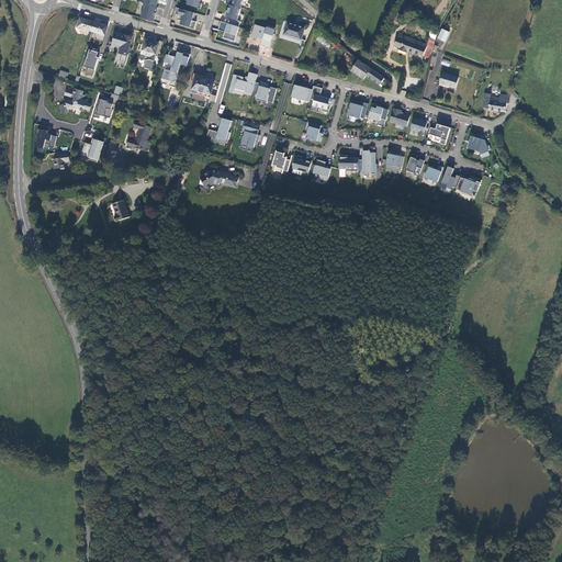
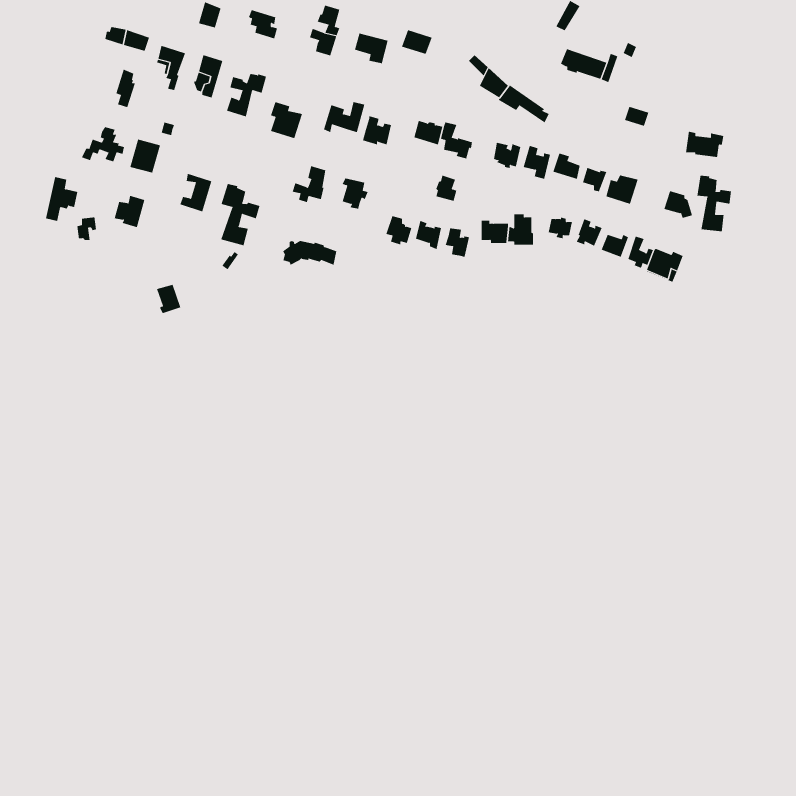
building: none -> [697,175,732,232]
building: none -> [221,183,260,246]

